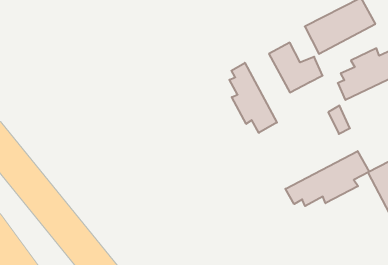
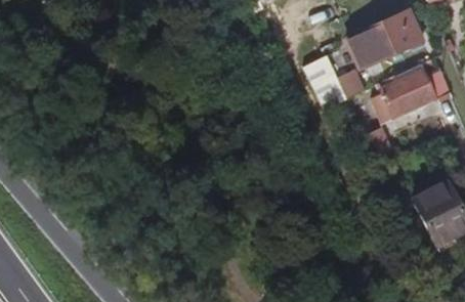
building: [229,63,277,133] -> none
building: [285,151,369,206] -> none

